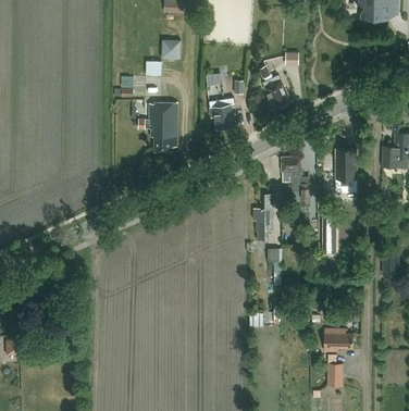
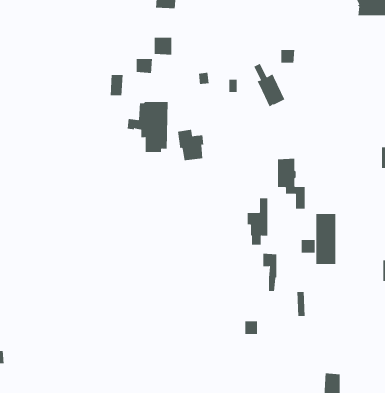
building: [209,99,235,129] -> [177,129,204,161]
building: [335,149,356,178] -> none
building: [324,328,352,351] -> none

